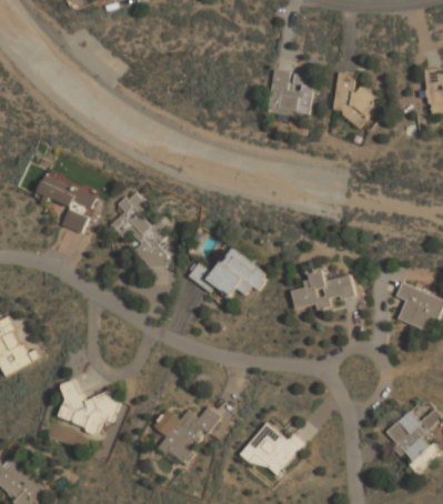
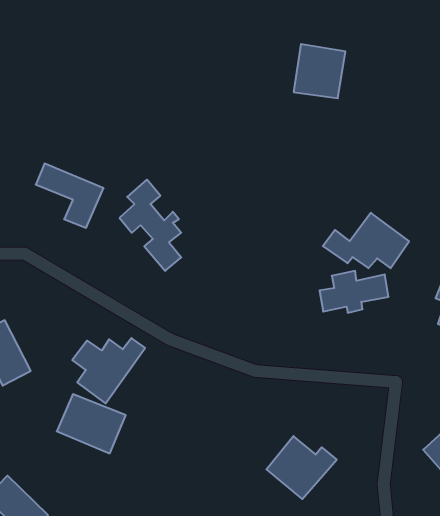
building: [326,73,379,125] -> none
building: [187,248,264,298] -> [323,213,409,268]
building: [153,406,219,465] -> [72,338,145,403]

